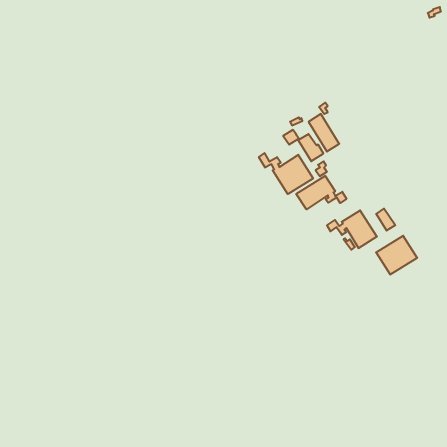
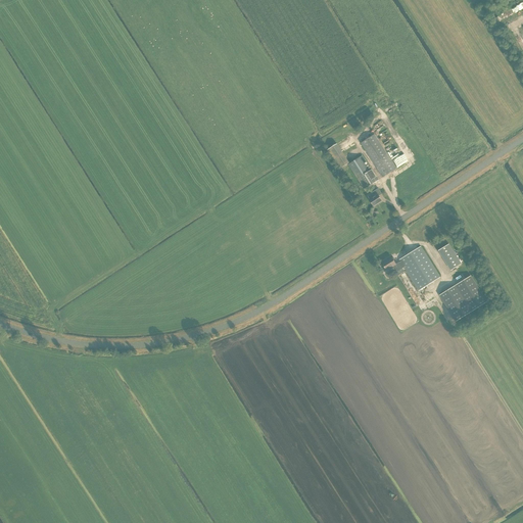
building: [259,153,313,194] -> none
building: [296,176,346,209] -> none

